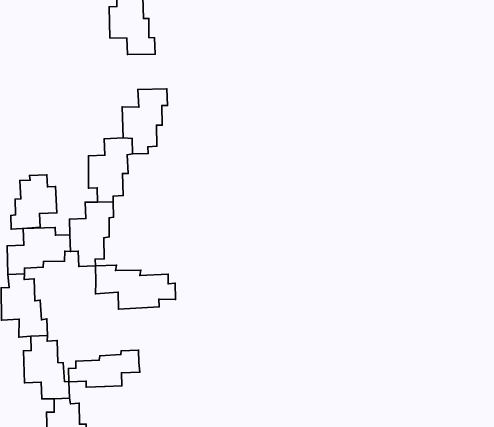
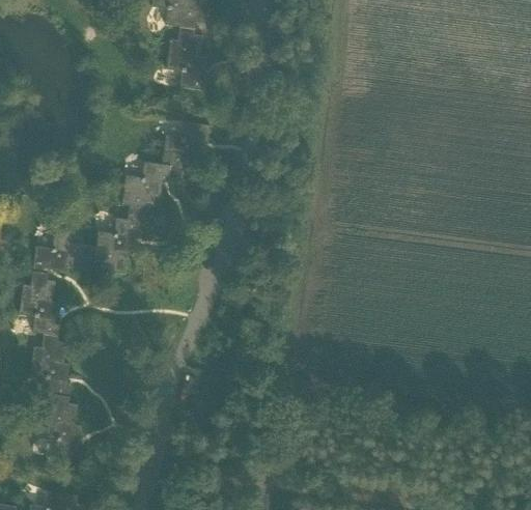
building: [11,175,57,229] -> none
building: [95,265,176,309] -> none
building: [69,350,140,387] -> none

